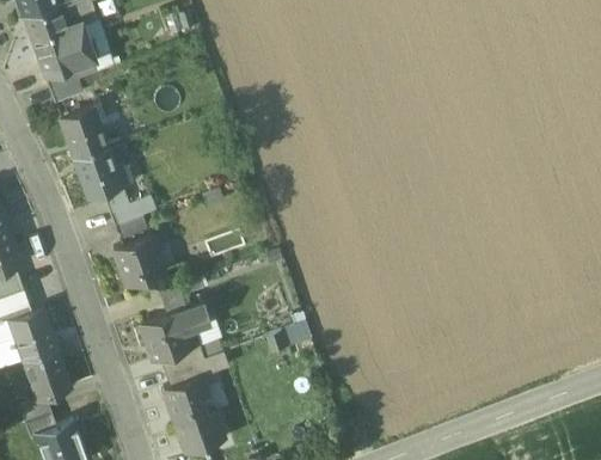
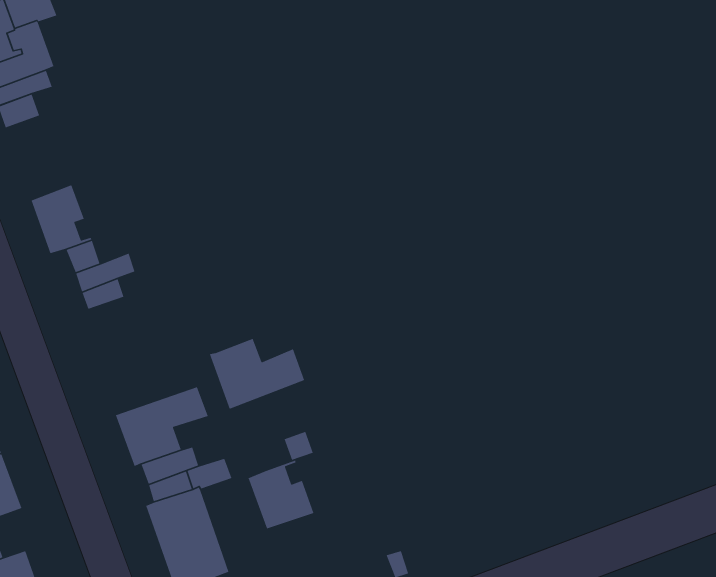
building: [62,104,108,158] -> none
building: [115,233,165,283] -> none
building: none -> [209,338,305,410]
building: none -> [248,459,314,530]

